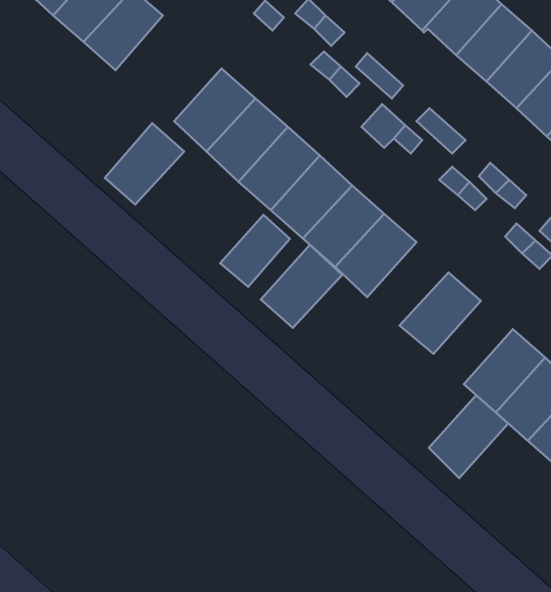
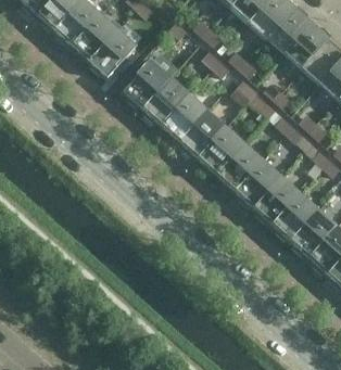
building: [105,123,184,204] -> [90,30,136,77]
building: [220,215,290,287] -> none
building: [261,245,342,328] -> [235,161,281,208]
building: [429,395,508,478] -> [273,194,318,242]

